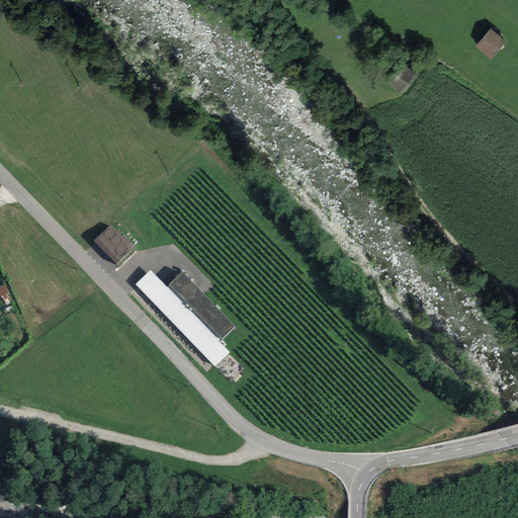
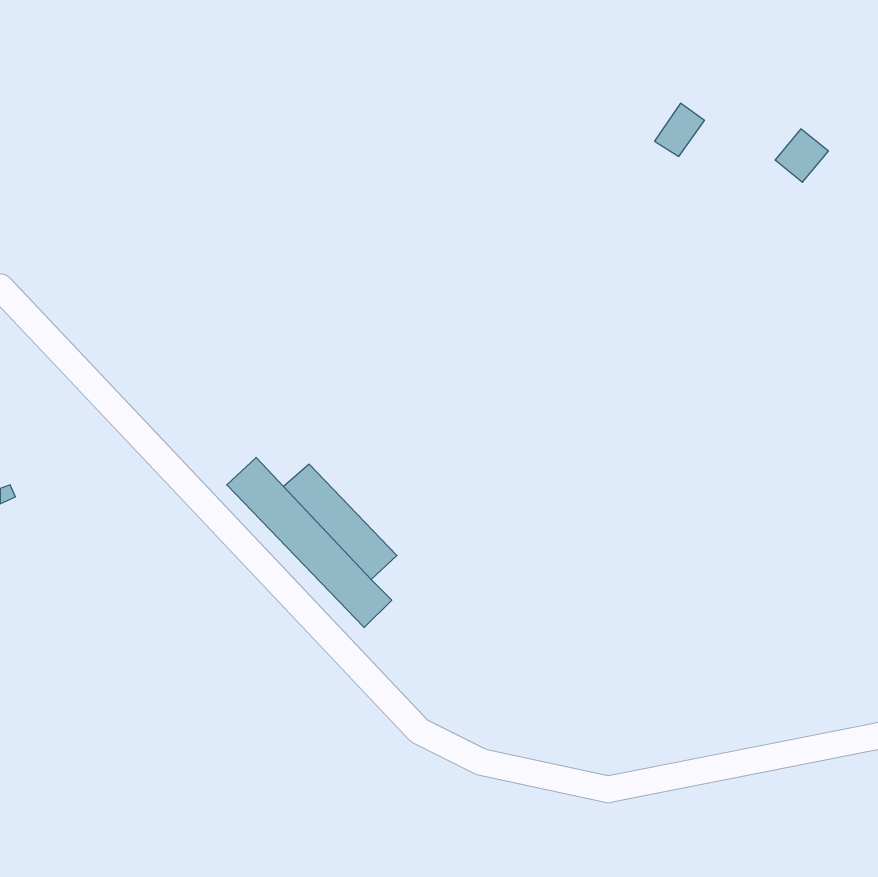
building: [476,26,507,58] -> [775,129,828,182]
building: [93,225,134,265] -> none

